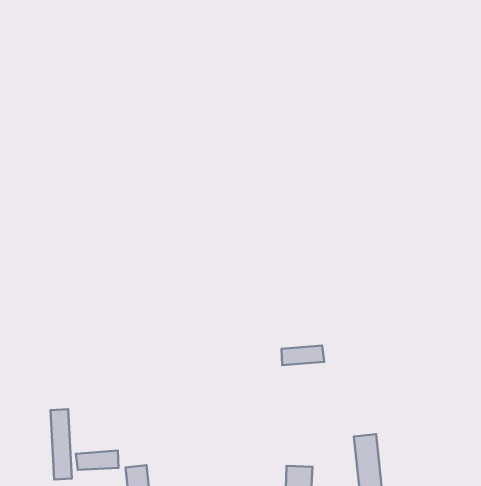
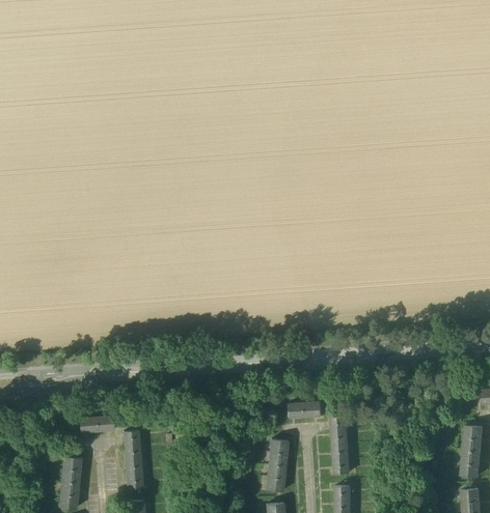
building: [281,346,324,365] -> [285,401,323,417]
building: [51,409,72,479] -> none

